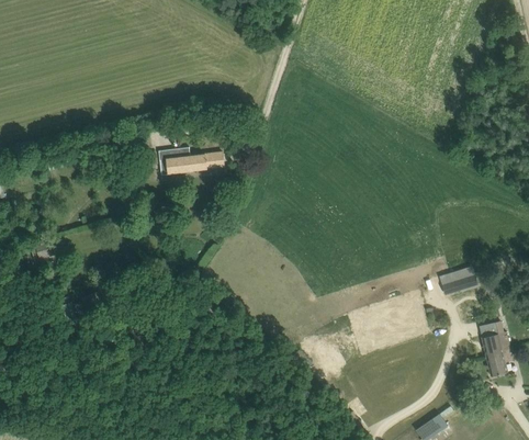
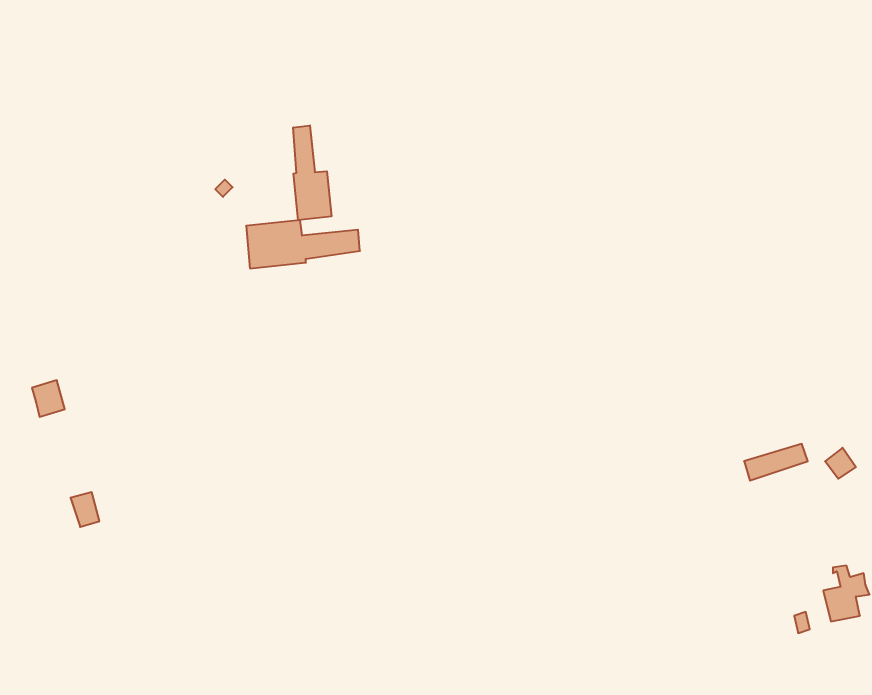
building: none -> [293,125,331,220]
building: [480,320,509,358] -> none

